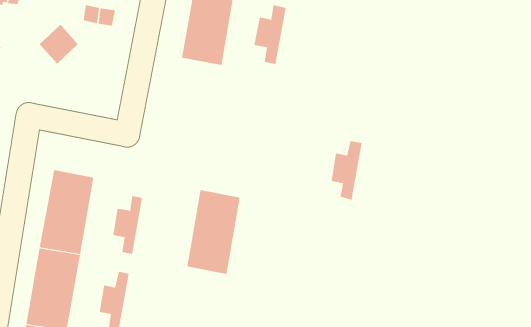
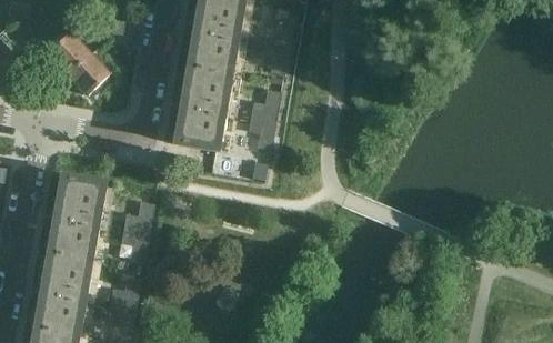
building: none -> [66,52,105,92]
building: [331,140,362,200] -> [247,89,278,148]
building: [186,190,241,274] -> [174,65,228,149]

